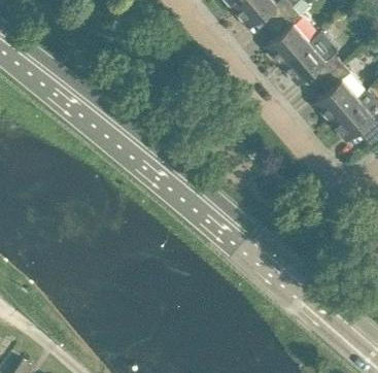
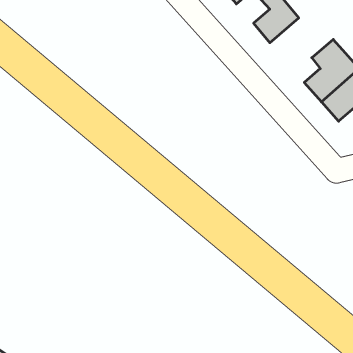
building: [282,36,343,86] -> none

